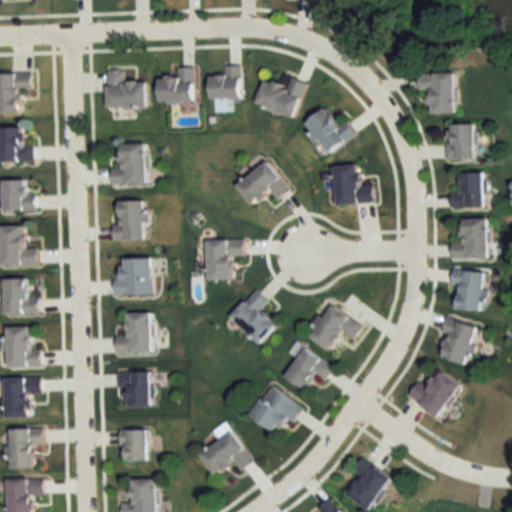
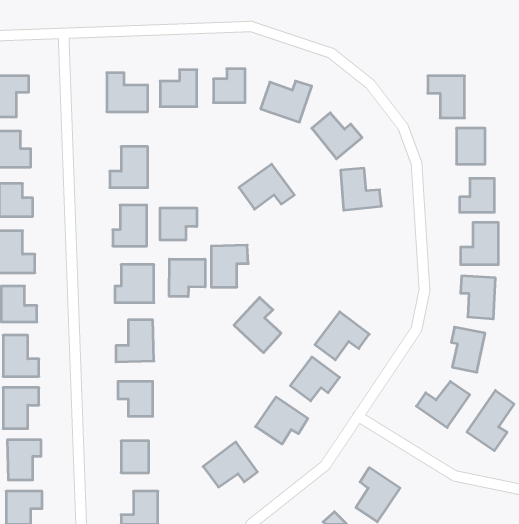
building: none -> [160,208,197,240]
building: none -> [169,259,205,297]
building: none -> [467,390,514,451]

